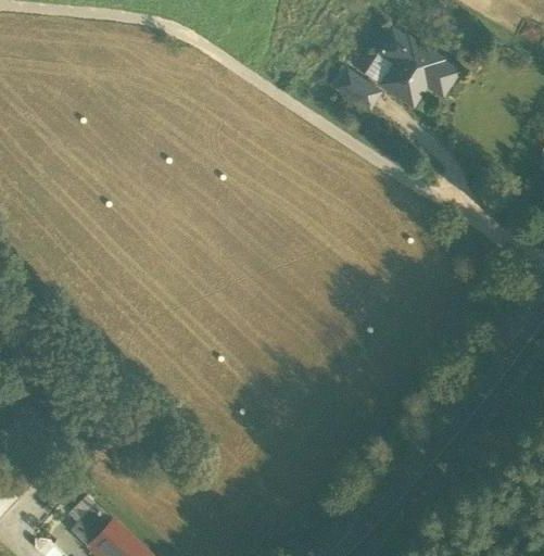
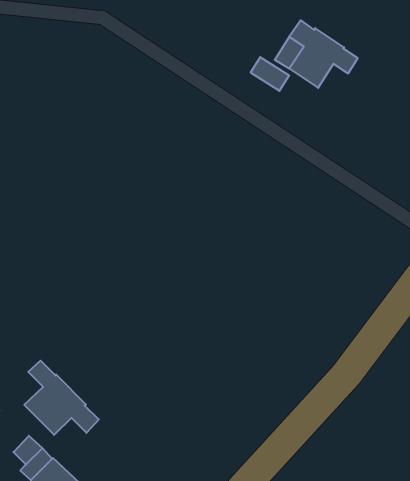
building: none -> [24,361,99,435]

